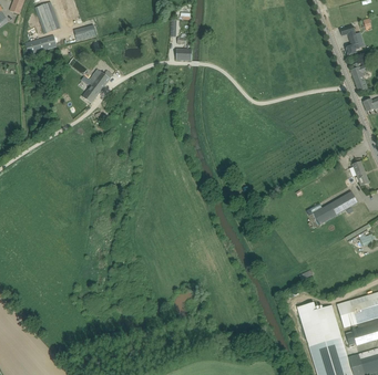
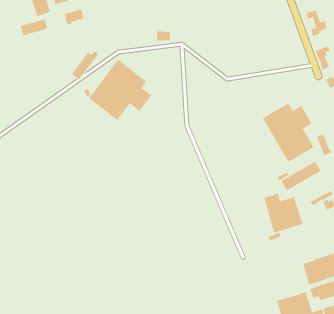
building: none -> [88,59,152,121]
building: none -> [262,103,314,162]
building: [296,300,340,344] -> [263,193,304,233]

